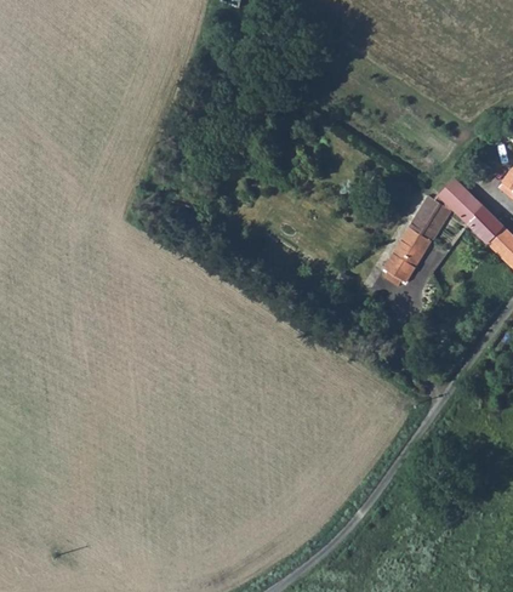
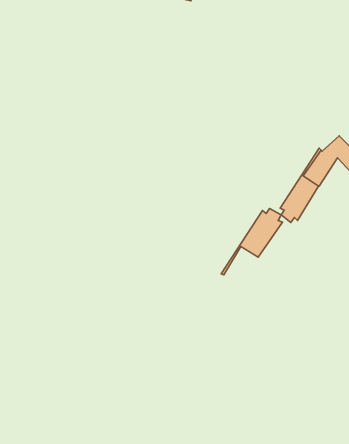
building: none -> [221,209,282,275]

